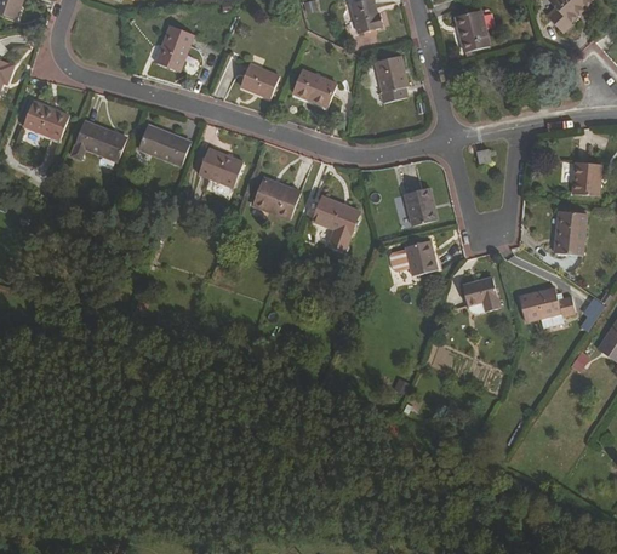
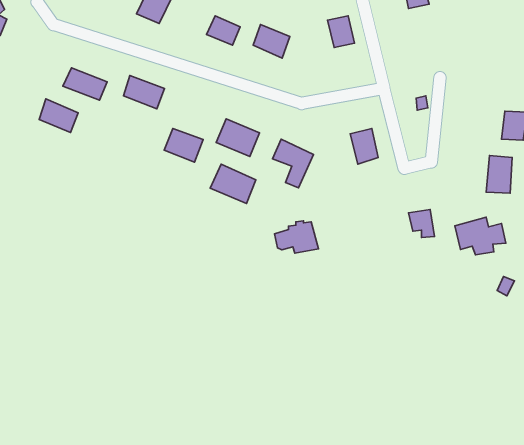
building: [27,97,70,135] -> [39,99,78,132]
building: [202,150,246,188] -> [164,129,203,162]
building: none -> [210,164,256,203]
building: [385,239,435,275] -> [274,221,319,253]

